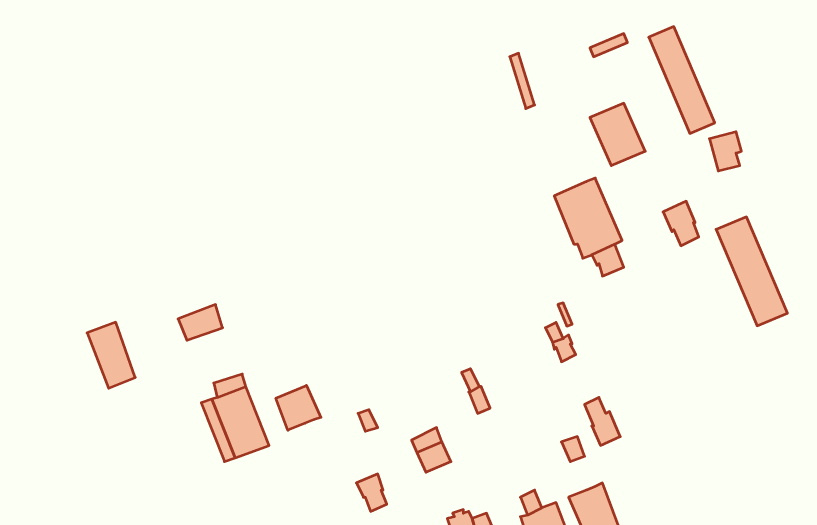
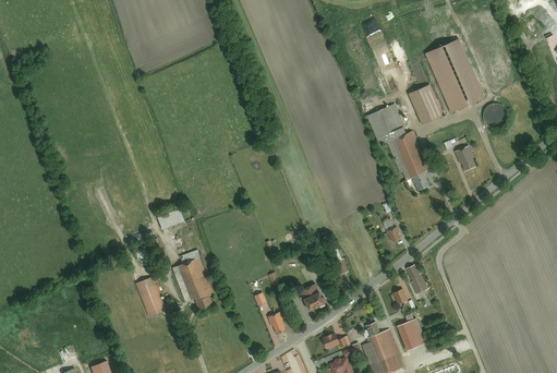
building: none -> [366,103,407,144]
building: [716,217,787,326] -> [424,45,468,111]
building: [87,322,135,388] -> [134,276,164,316]
building: [276,385,321,430] -> none

